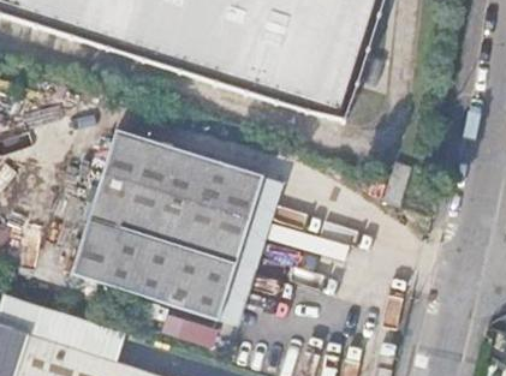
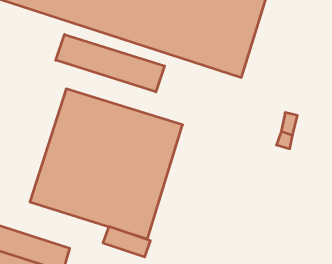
building: none -> [56,34,165,92]

